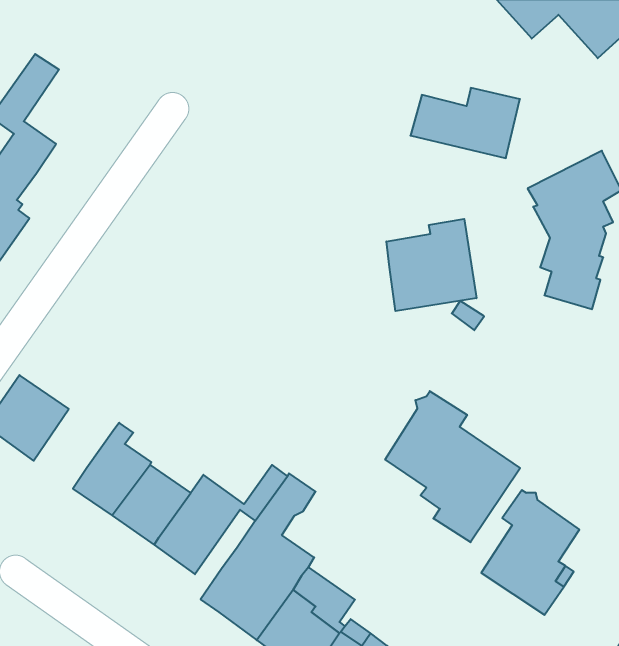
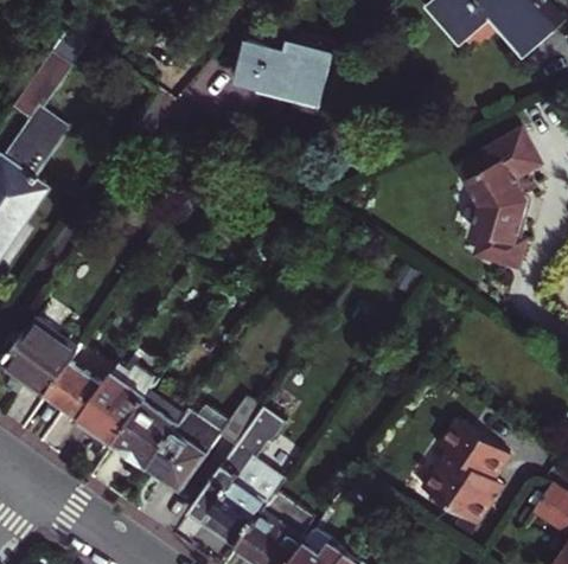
building: [410,88,520,158] -> [237,39,330,98]
building: [386,219,476,311] -> none
building: [385,391,520,542] -> none
building: none -> [45,347,114,421]

